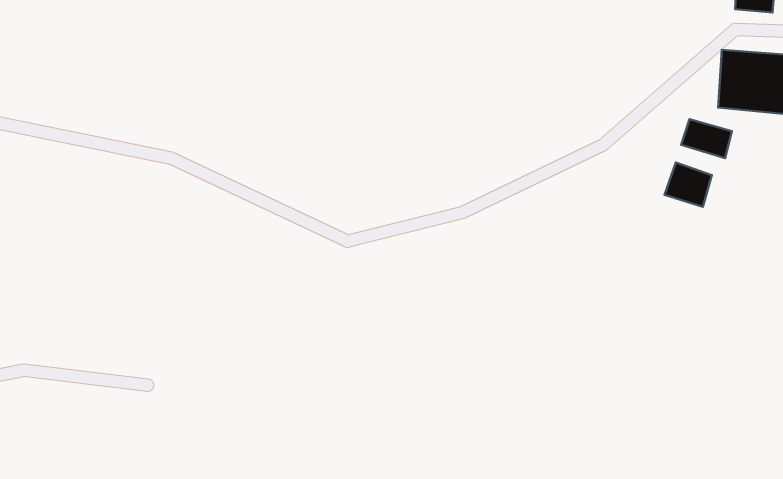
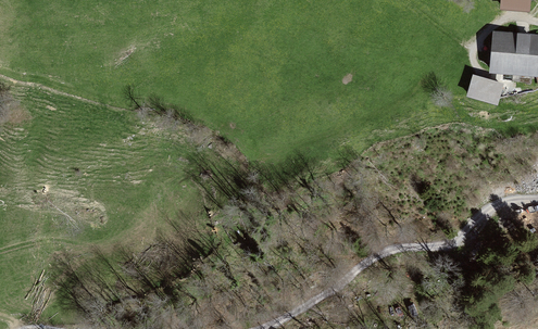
building: [665,163,712,207] -> none

